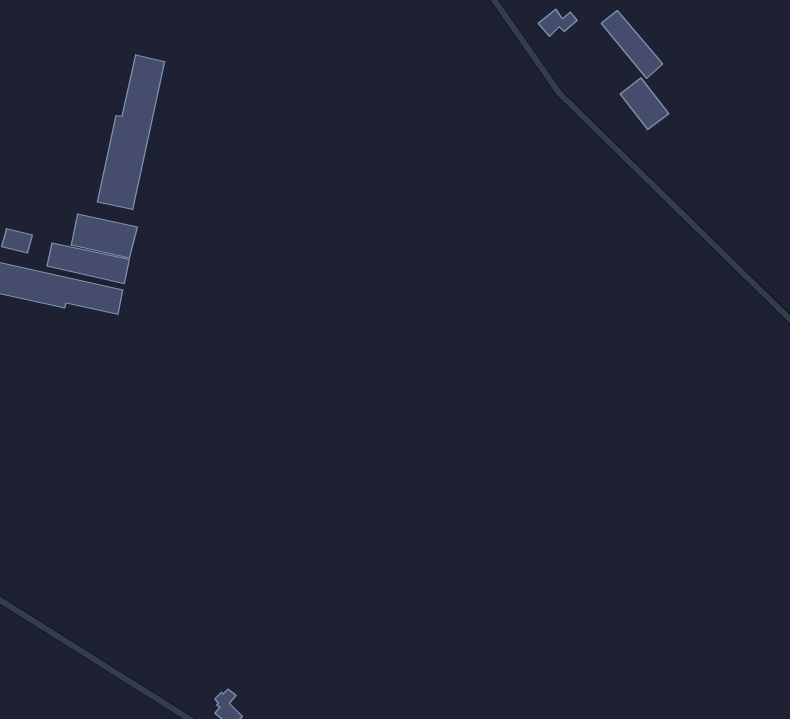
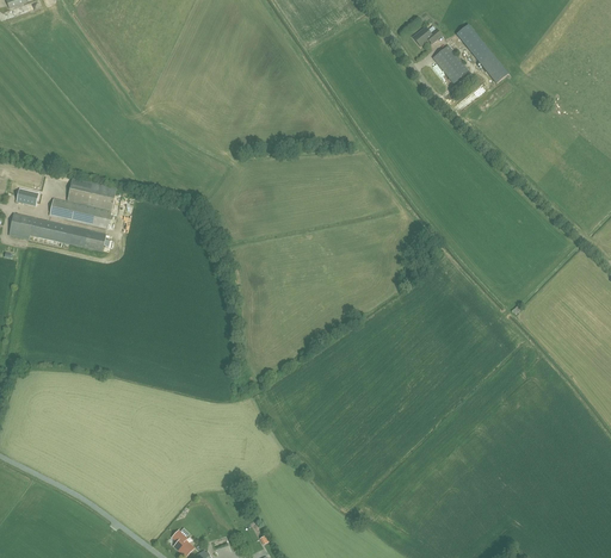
building: [98,55,165,210] -> none
building: [620,78,669,130] -> [432,44,468,82]

